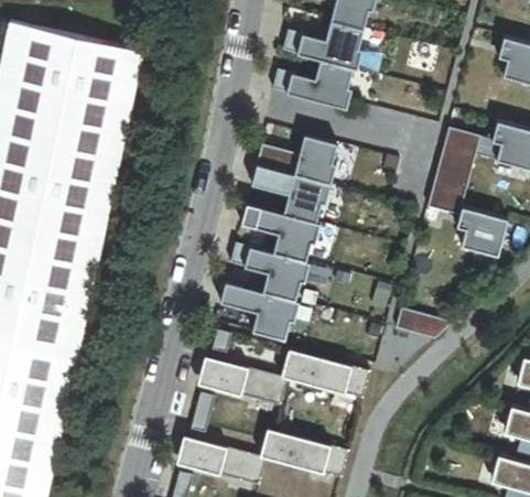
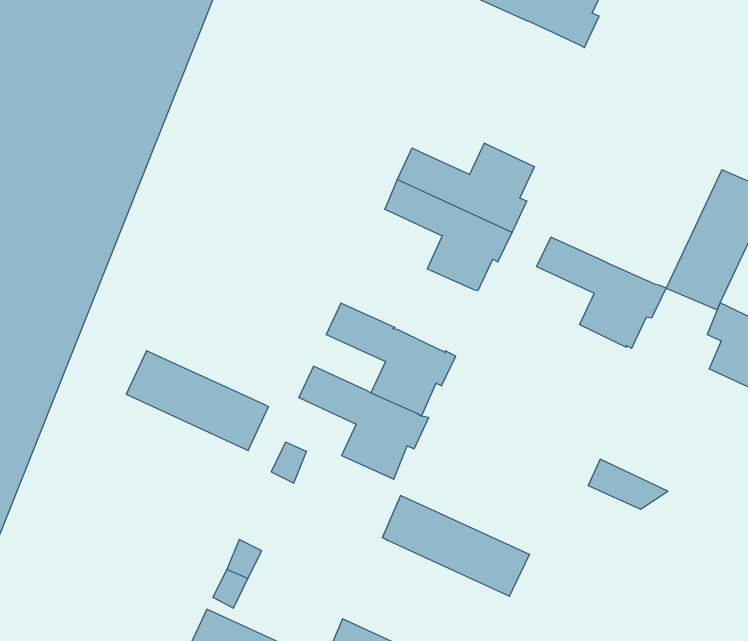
building: [271,60,351,111] -> none
building: [242,205,321,262] -> [537,237,666,348]
building: [203,357,288,406] -> [126,351,269,450]

